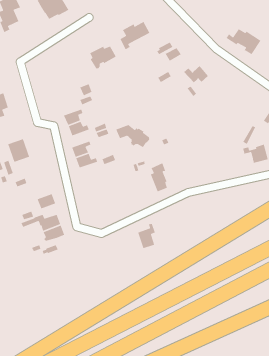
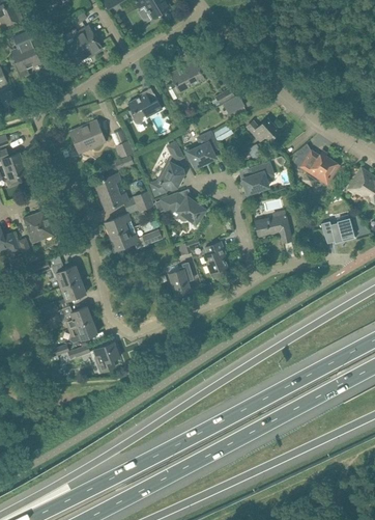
building: [226,28,262,55] -> [294,149,340,184]
building: none -> [69,119,106,154]
building: none -> [184,132,219,167]
building: none -> [150,142,183,195]
building: none -> [242,163,272,194]
building: none -> [256,215,291,242]
building: none -> [52,264,81,288]
building: [137,223,156,249] -> [168,263,192,296]
building: none -> [93,341,120,372]

